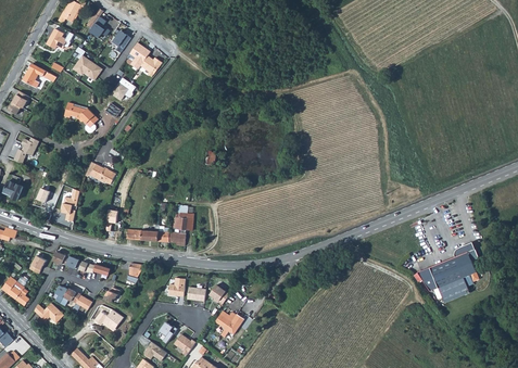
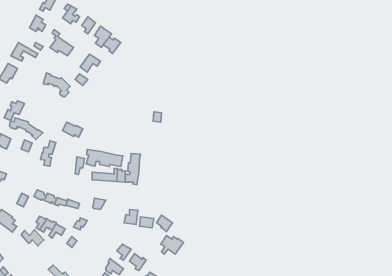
building: none -> [9,118,43,140]
building: none -> [86,150,123,167]
building: [417,242,478,303] -> none

